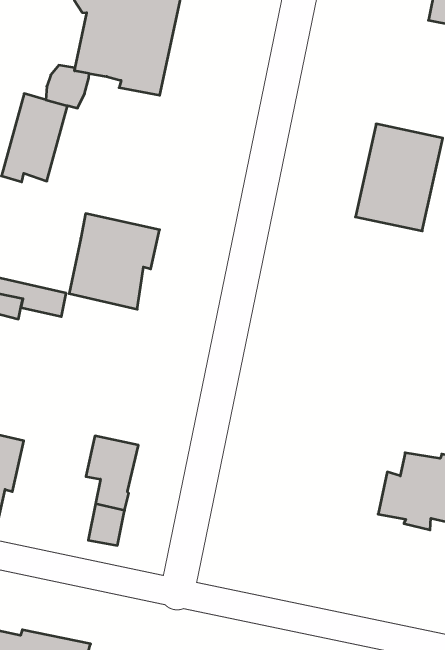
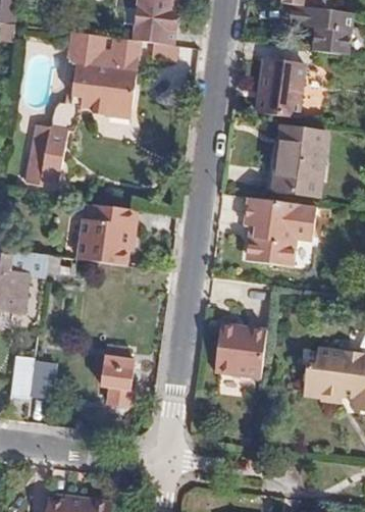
building: none -> [258,57,304,119]
building: none -> [245,199,315,266]
building: none -> [213,323,265,378]

